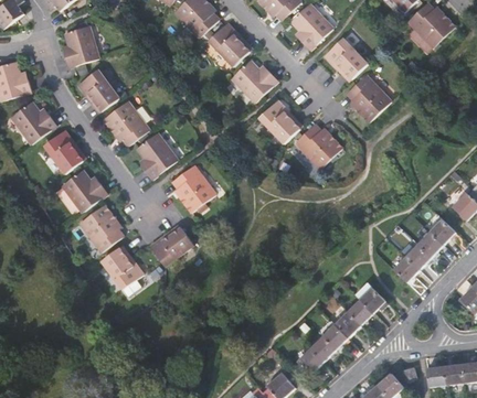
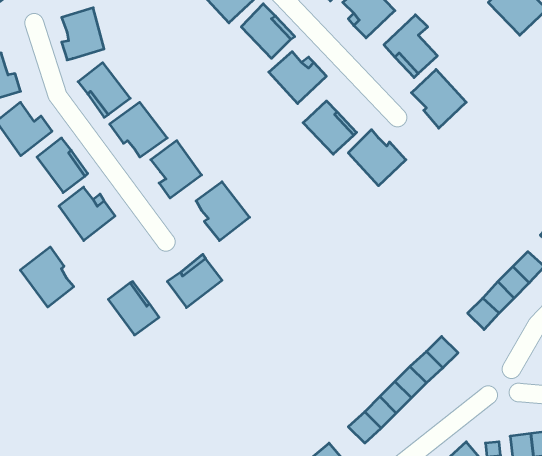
building: [81,203,124,251] -> [20,247,74,307]

